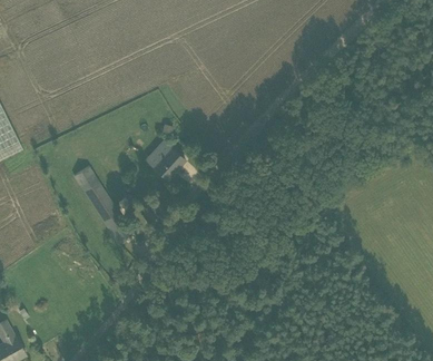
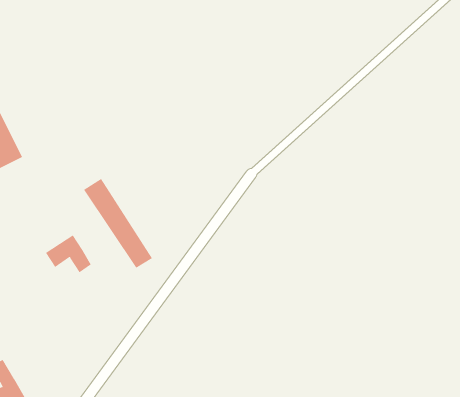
building: [152,147,184,179] -> none
building: none -> [45,234,92,273]

